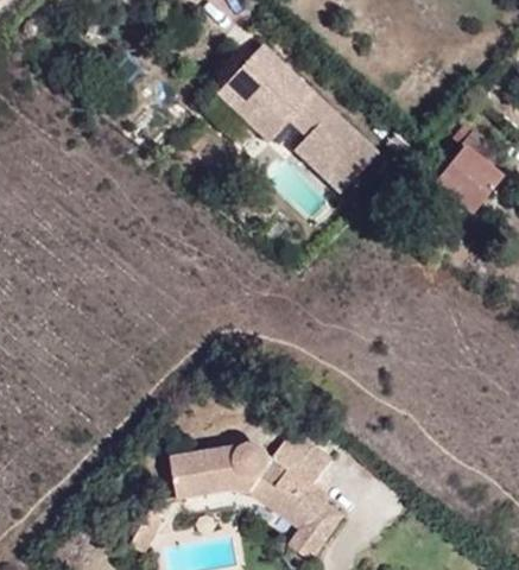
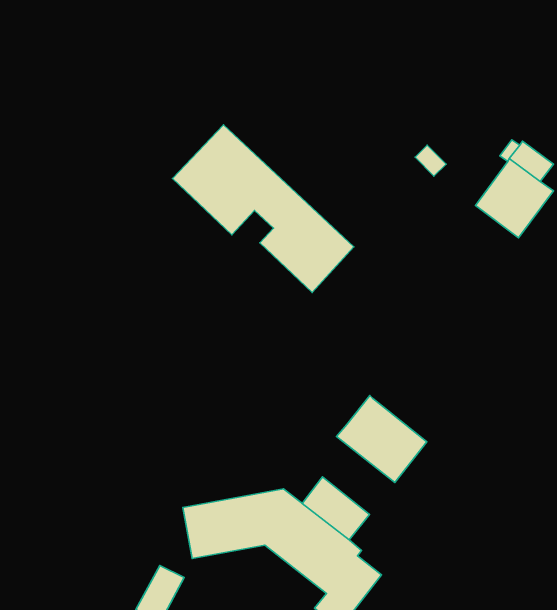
building: [210,44,371,192] -> [173,125,354,292]
building: none -> [336,395,427,483]

